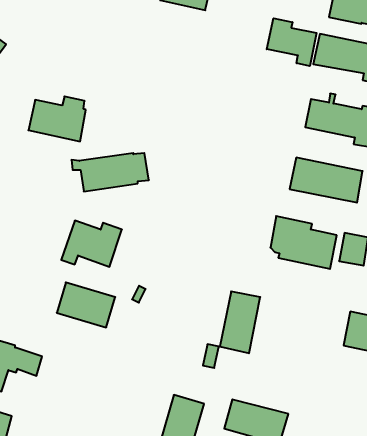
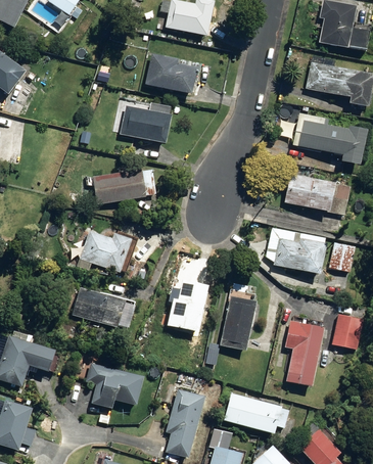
building: [267,18,317,66] -> none
building: none -> [145,53,201,93]
building: [28,96,86,141] -> [119,102,171,143]
building: none -> [167,280,207,330]
building: none -> [285,321,324,377]
building: none -> [85,363,143,408]

